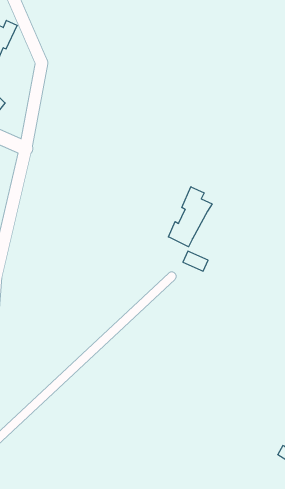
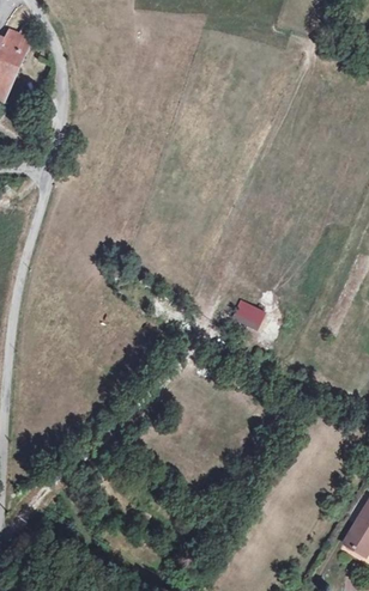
building: [168,187,212,247] -> none

